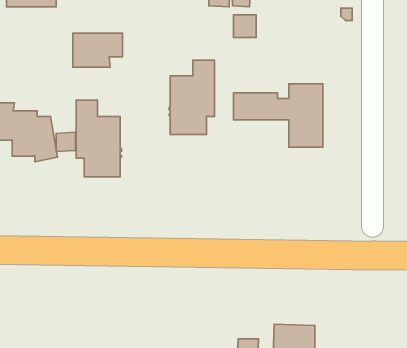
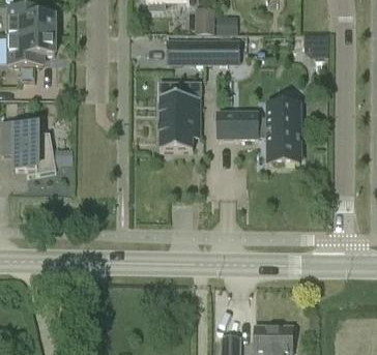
building: none -> [168,39,205,60]
building: [73,33,123,67] -> [9,32,55,63]
building: [76,100,121,177] -> none

